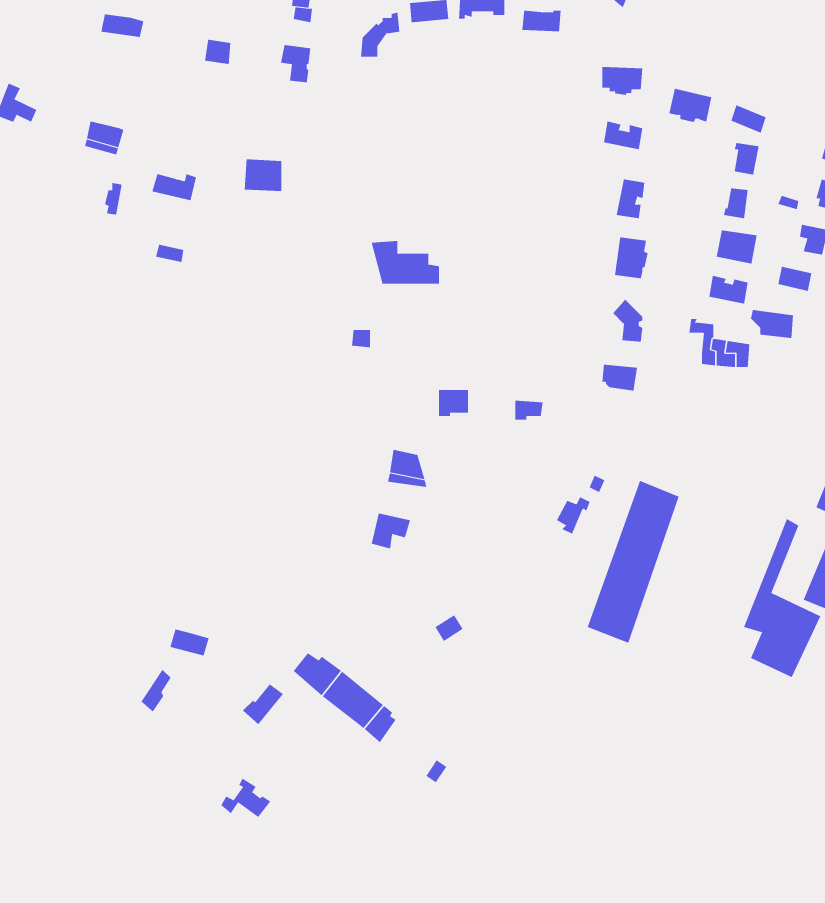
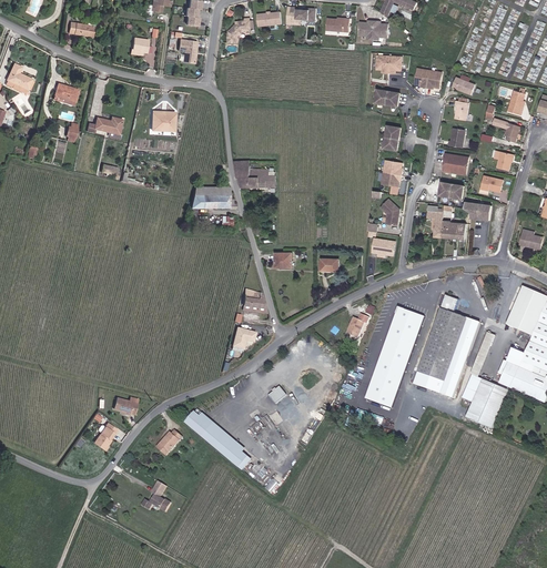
building: none -> [358,21,388,40]
building: none -> [193,185,241,206]
building: none -> [412,293,478,396]

